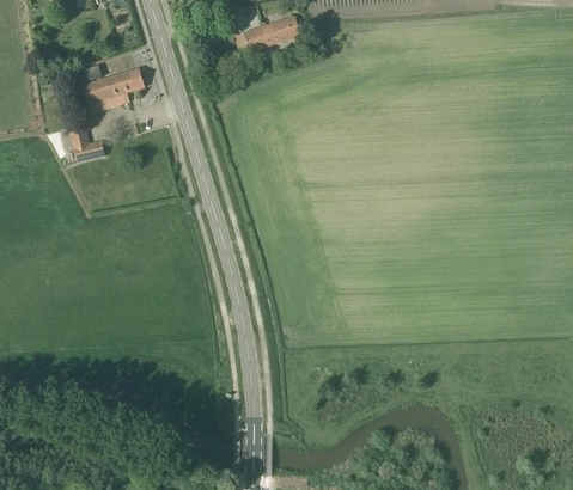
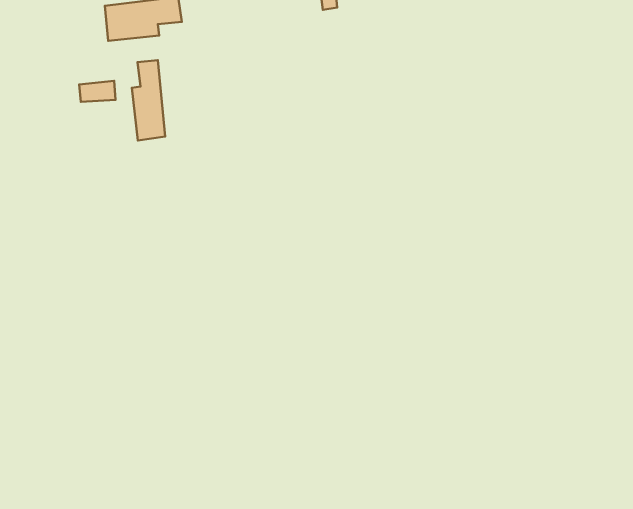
building: none -> [132,60,165,140]

